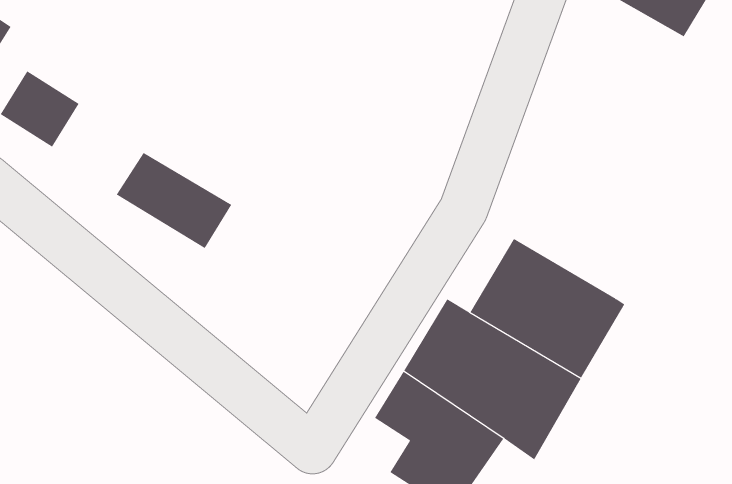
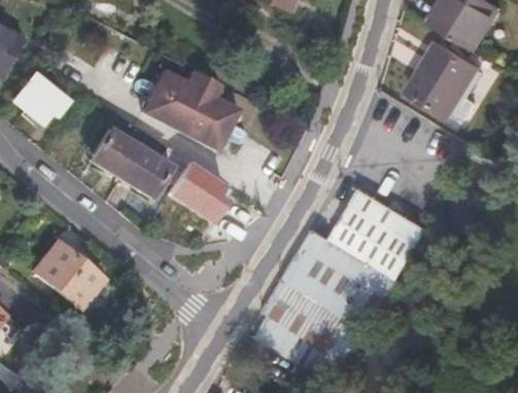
building: none -> [411,44,479,121]
building: none -> [142,70,238,150]
building: none -> [170,159,234,218]
building: none -> [34,241,104,307]

